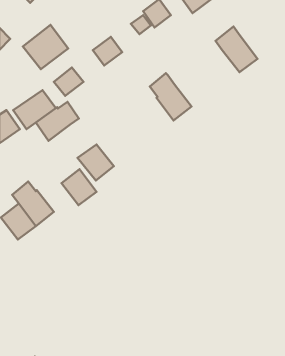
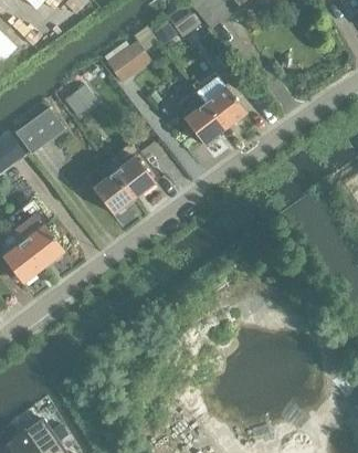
building: [23,25,68,69] -> none
building: [216,26,257,72] -> [198,75,246,128]
building: [36,102,79,141] -> none
building: [61,169,97,205] -> [115,156,156,198]

